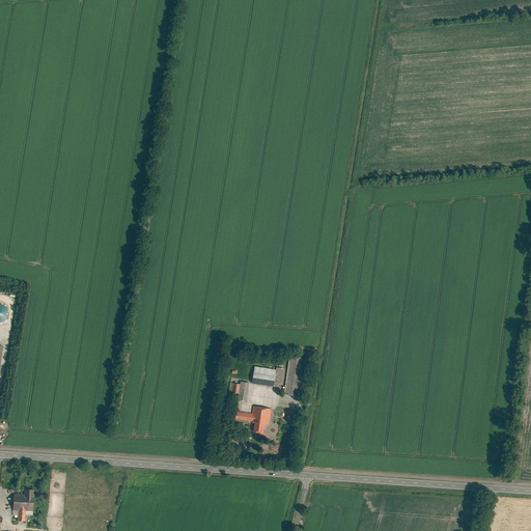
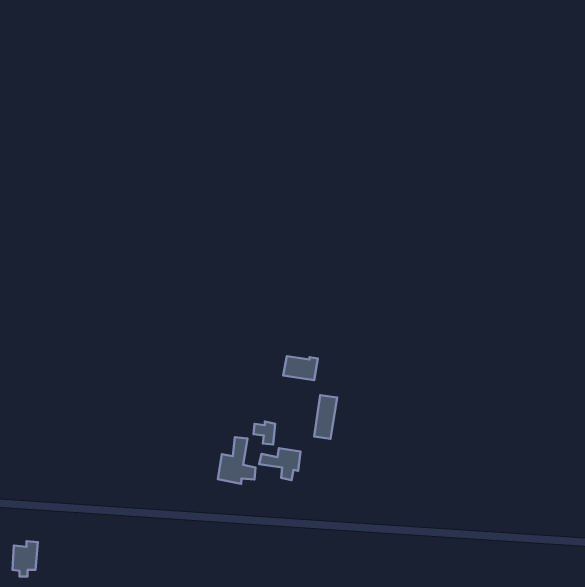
building: [252,366,283,388] -> [283,356,318,380]
building: none -> [218,437,255,484]

